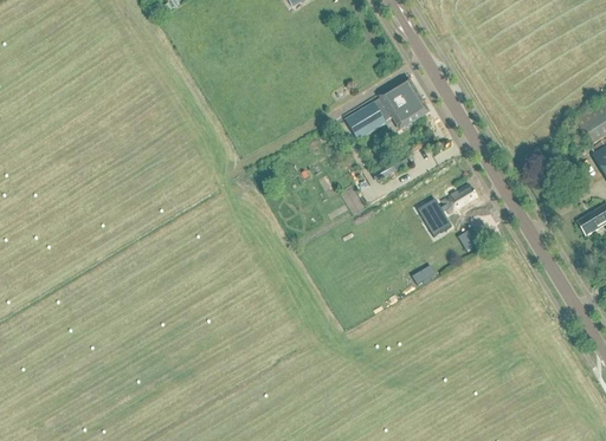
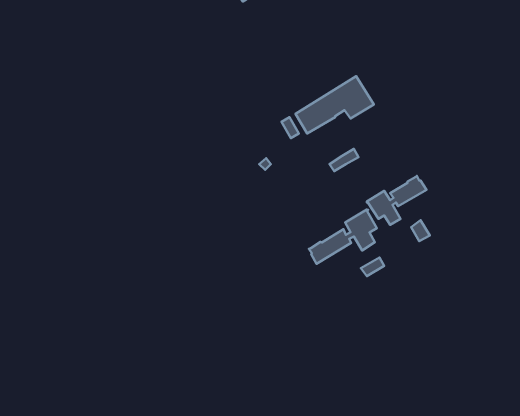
building: none -> [309,209,377,264]

